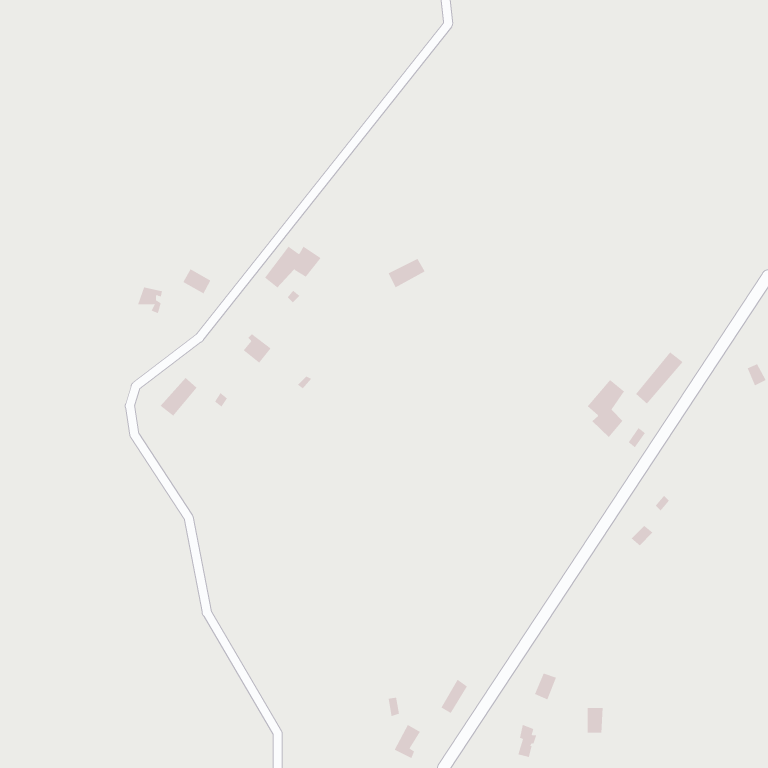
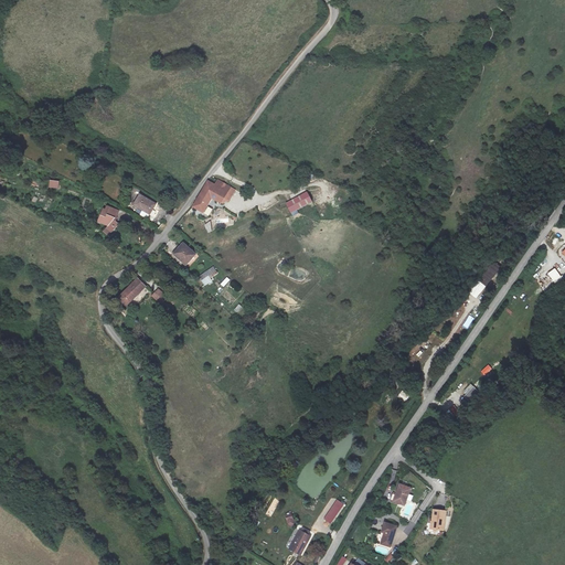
building: [587,379,625,438] -> none

